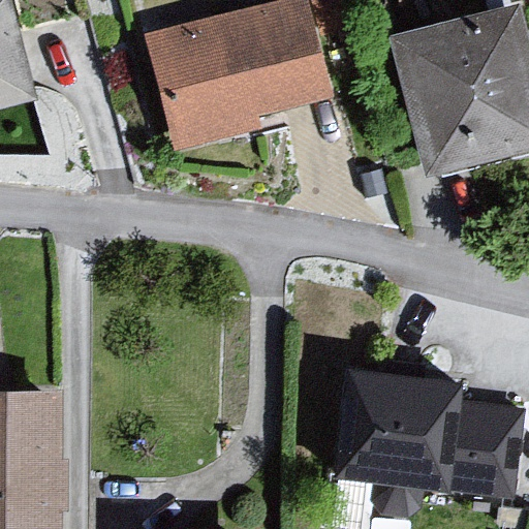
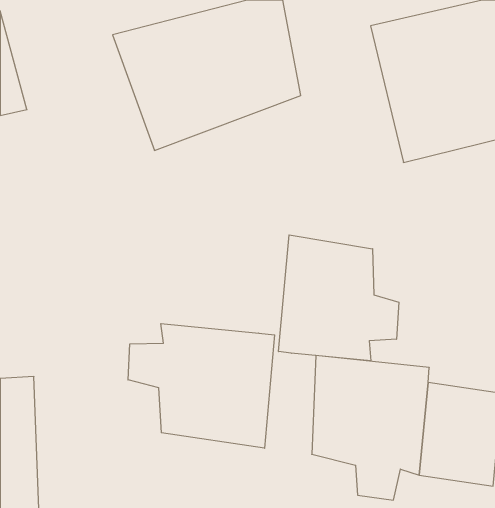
building: none -> [279,235,399,361]
building: none -> [128,324,275,448]

